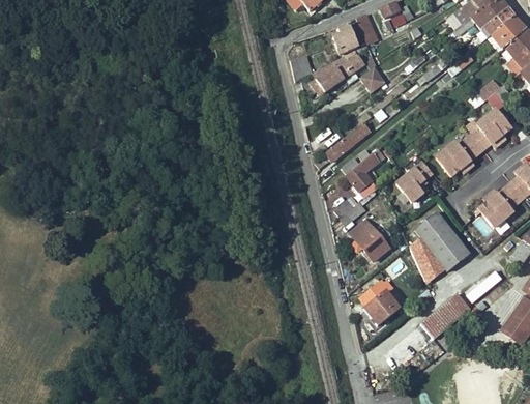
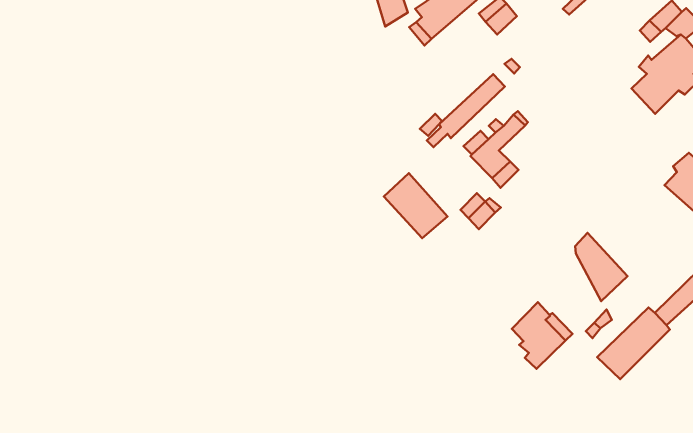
building: [434,137,475,176] -> none
building: [394,157,434,202] -> none
building: [414,209,470,269] -> none
building: [349,215,391,261] -> [384,173,447,238]

